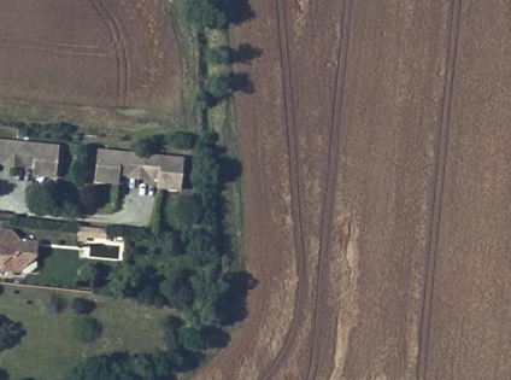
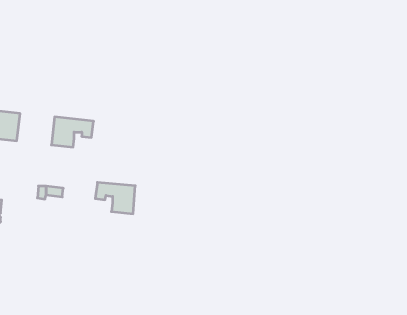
building: [139,154,183,189] -> [95,182,135,214]

